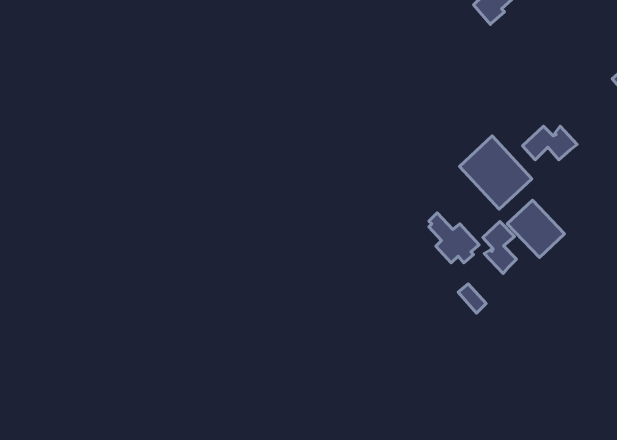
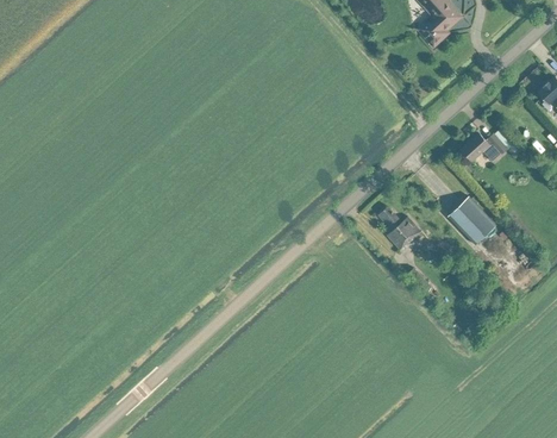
building: [460,136,532,209] -> none
building: [483,222,516,273] -> none

